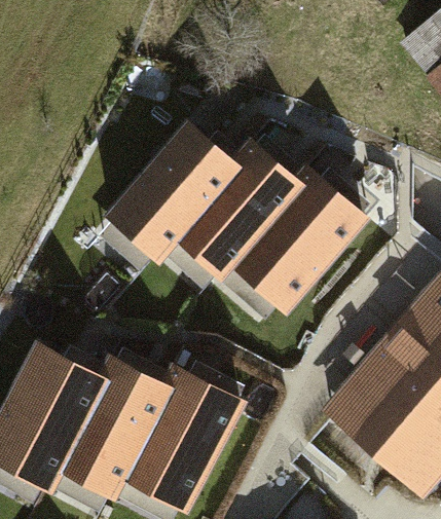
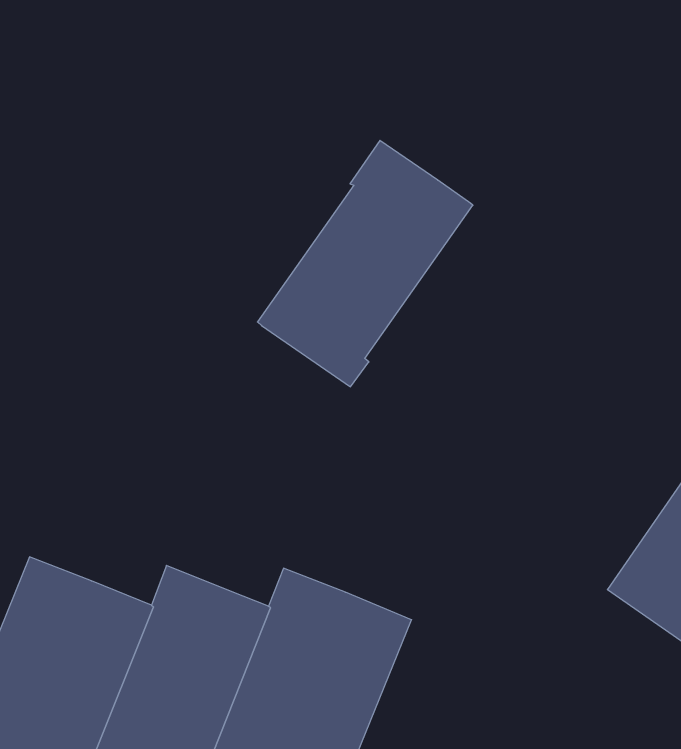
building: [108,127,232,258] -> none
building: [228,172,361,309] -> none

